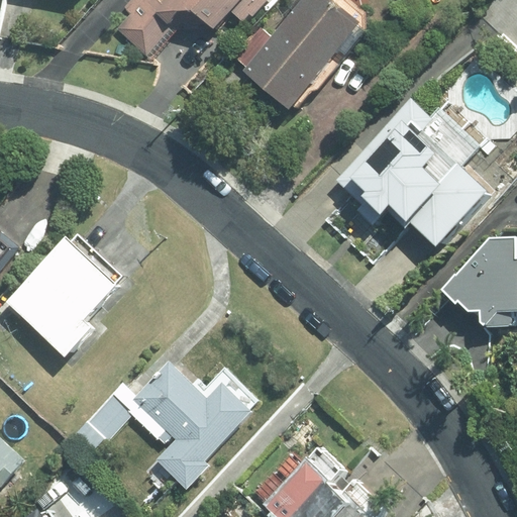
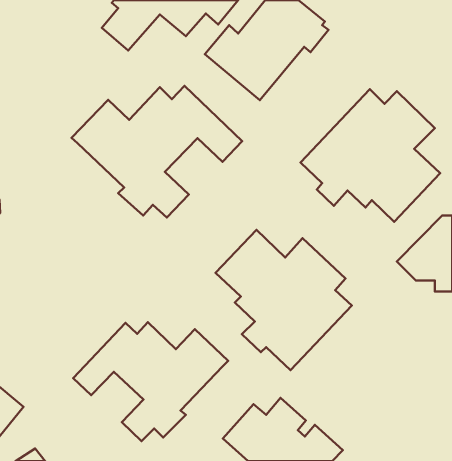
building: none -> [72,86,242,217]
building: [6,231,123,356] -> none
building: none -> [215,230,352,370]

